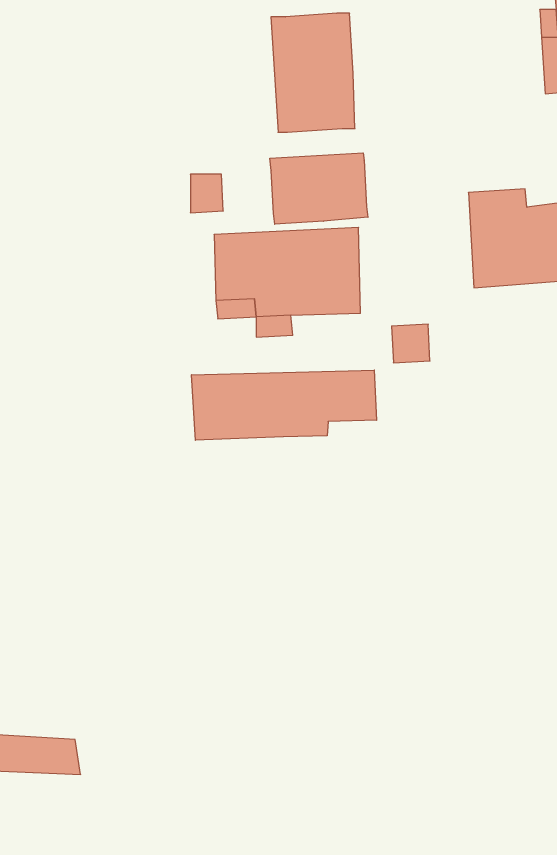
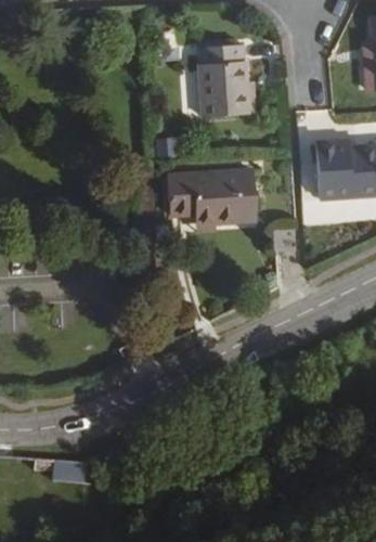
building: [270,153,368,224] -> none
building: [192,370,377,440] -> none

